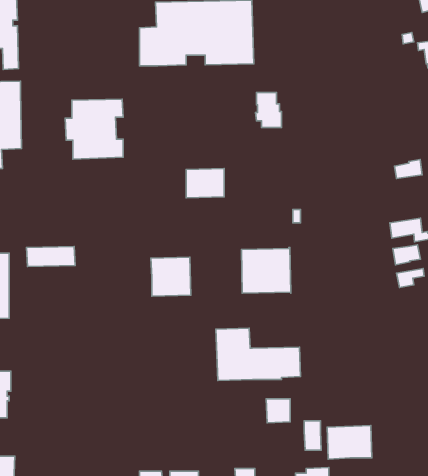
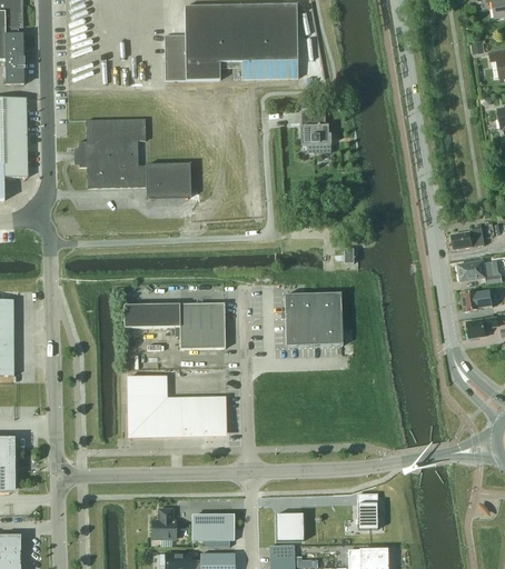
building: [395,159,422,179] -> [452,227,484,249]
building: [186,168,224,198] -> [146,163,190,198]
building: [26,247,75,266] -> [122,305,179,328]
building: [216,328,301,380] -> [127,376,226,437]
building: [266,399,290,423] -> [275,513,303,541]
building: [327,426,372,459] -> none
building: none -> [151,509,175,538]
building: none -> [191,516,234,540]

